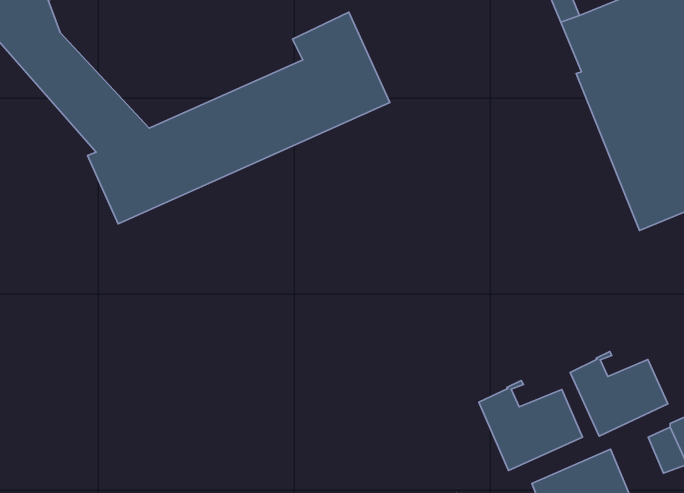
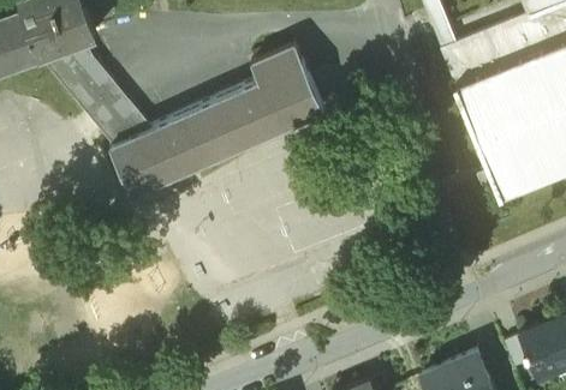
building: [570,352,668,436] -> none
building: [479,381,582,470] -> none

